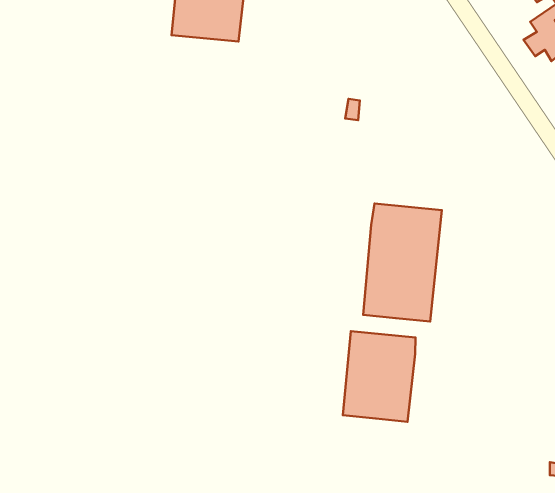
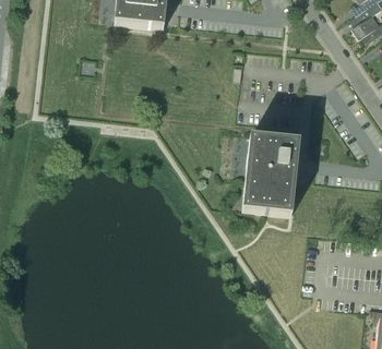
building: [343,331,416,422] -> none

